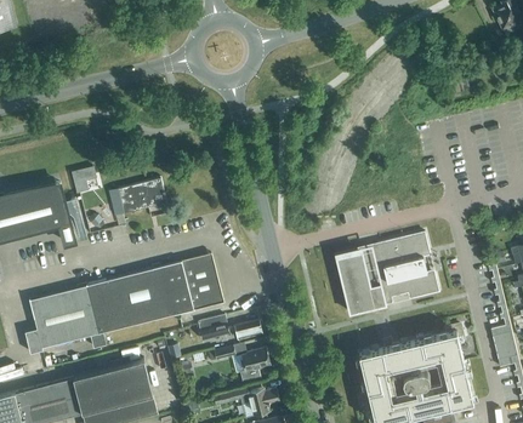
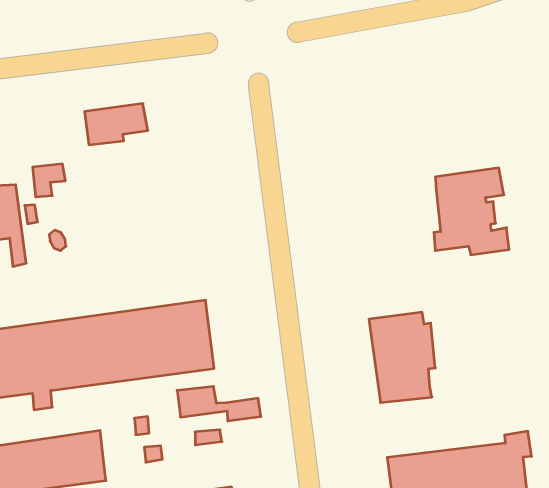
building: [118,179,166,215] -> [85,104,148,145]
building: [379,231,439,298] -> [434,168,509,255]
building: [240,349,271,383] -> none

